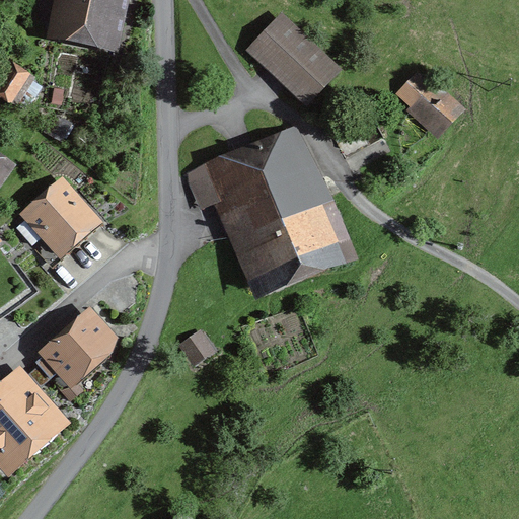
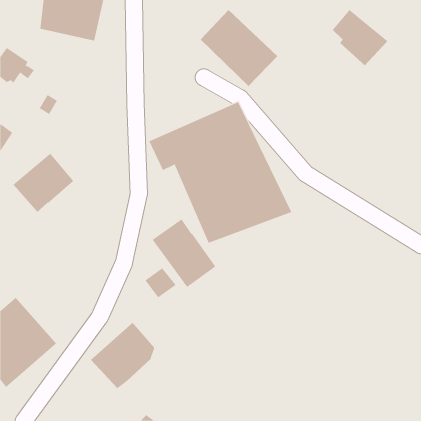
building: [396,68,465,138] -> [332,9,388,66]
building: none -> [152,219,216,288]
building: [36,305,117,387] -> [90,322,155,389]

